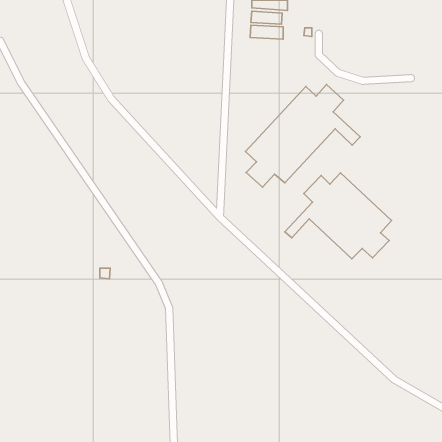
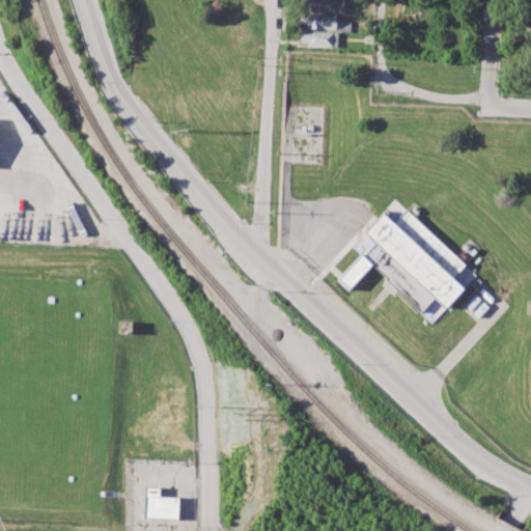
building: [245,85,360,187] -> none
building: none -> [146,488,180,521]

